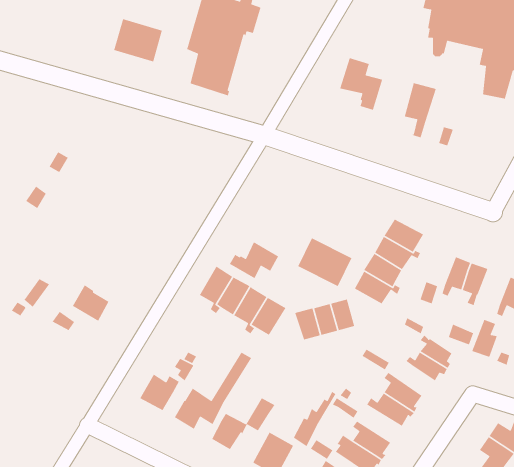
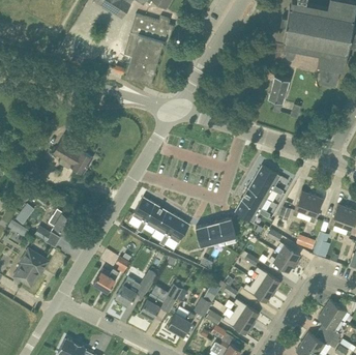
building: [113,18,163,62] -> none
building: [339,57,383,111] -> none
building: none -> [53,132,93,173]
building: [297,237,353,287] -> none
building: [229,241,279,279] -> none
building: none -> [14,247,49,286]

